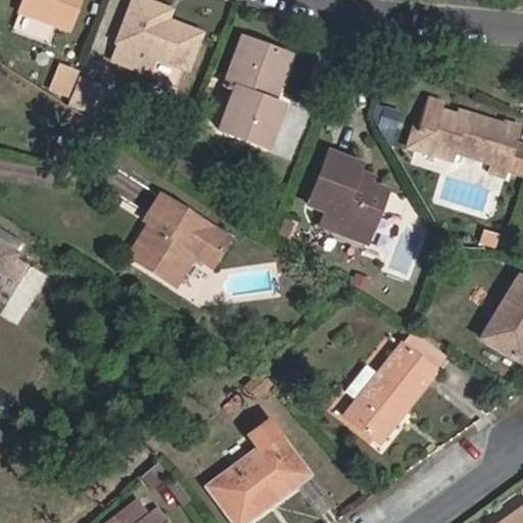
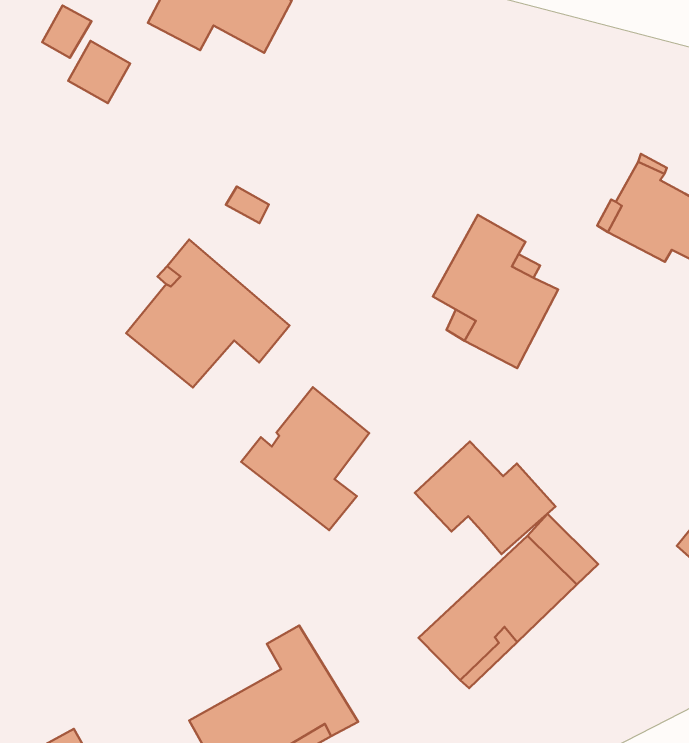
building: [225,38,293,146] -> none
building: none -> [241,387,369,530]
building: none -> [415,441,555,554]

